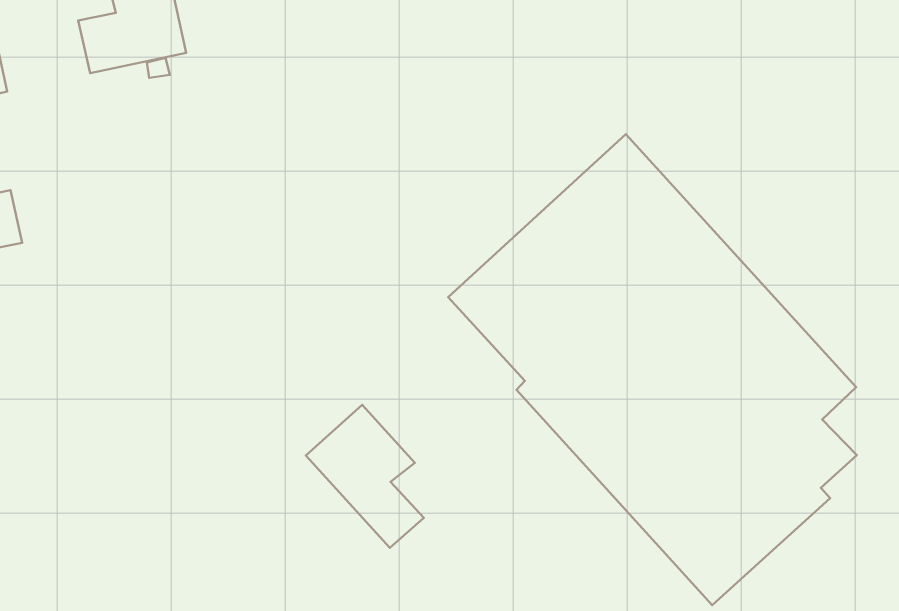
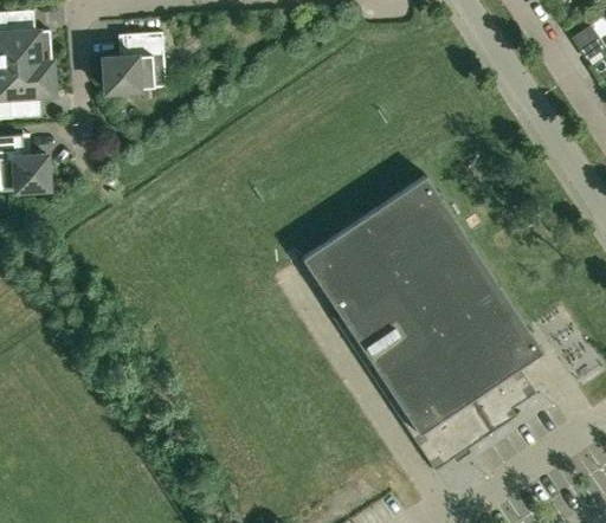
building: [306,405,424,548] -> none

